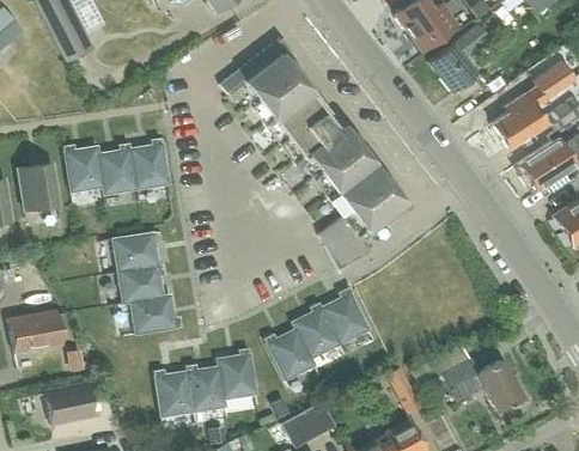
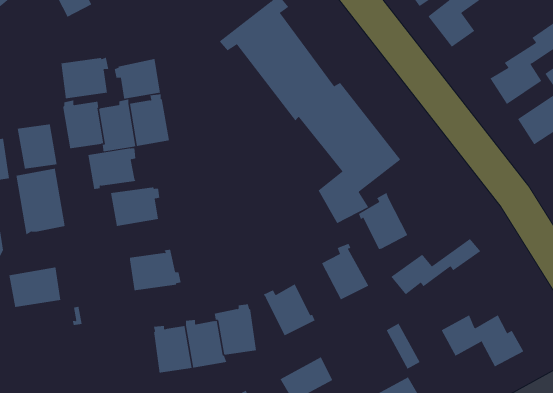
building: none -> [61,57,109,99]
building: none -> [114,58,160,100]
building: none -> [16,168,65,235]
building: [117,263,166,305] -> [87,148,136,190]
building: none -> [390,238,481,295]
building: [292,301,342,359] -> [358,192,408,249]
building: [45,384,93,423] -> none

